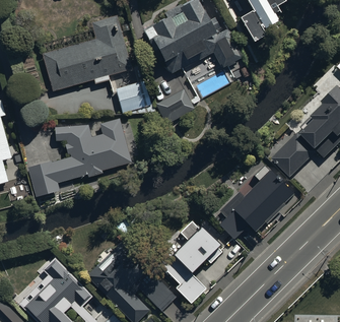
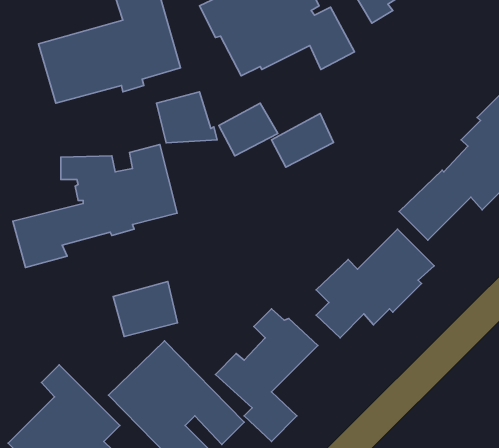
building: none -> [271,114,334,167]
building: none -> [113,282,177,337]

